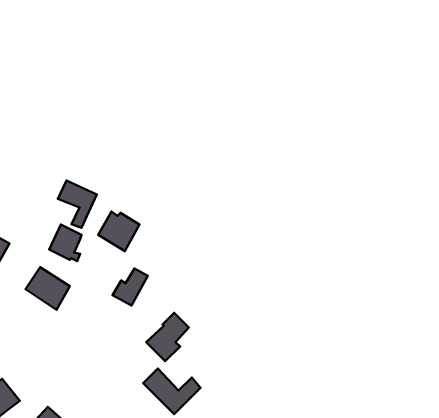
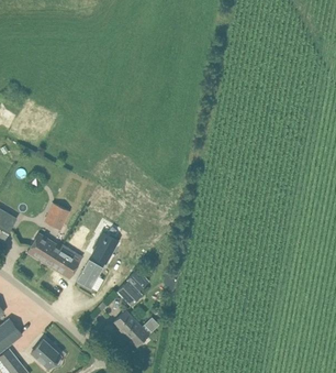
building: [58,180,97,228] -> none
building: [98,211,140,251] -> [49,250,80,279]
building: none -> [77,261,103,292]

